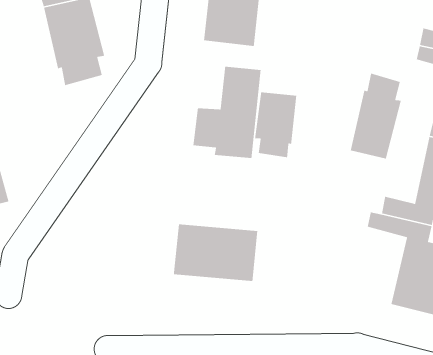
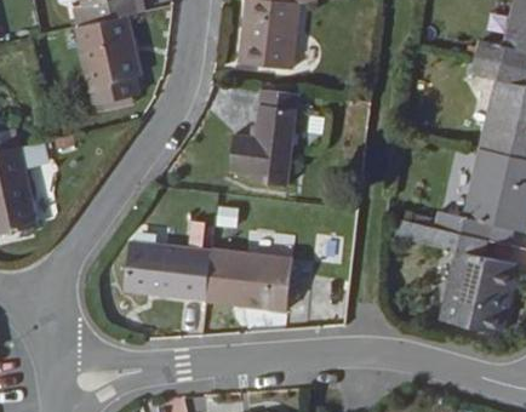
building: [350,73,402,159] -> none
building: [254,91,297,158] -> none
building: none -> [131,242,217,297]

